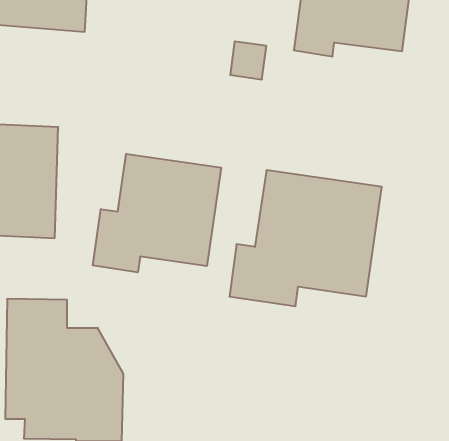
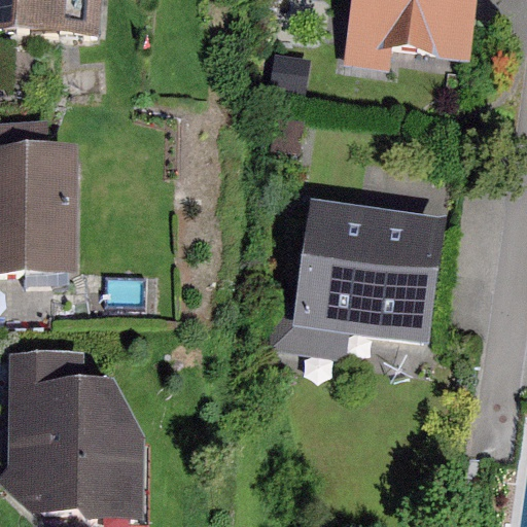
building: [93,154,221,272] -> none

